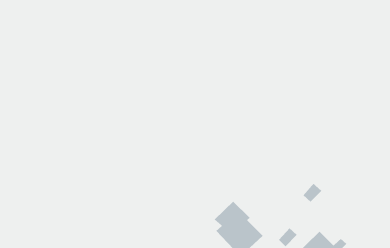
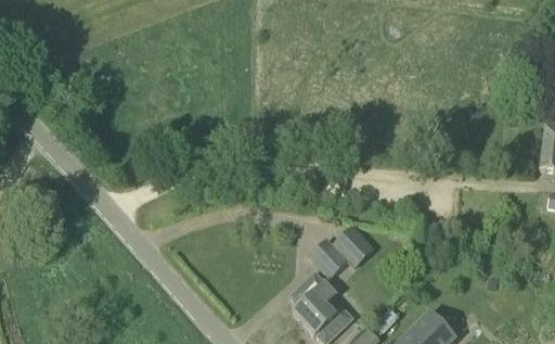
building: none -> [309,225,374,277]

